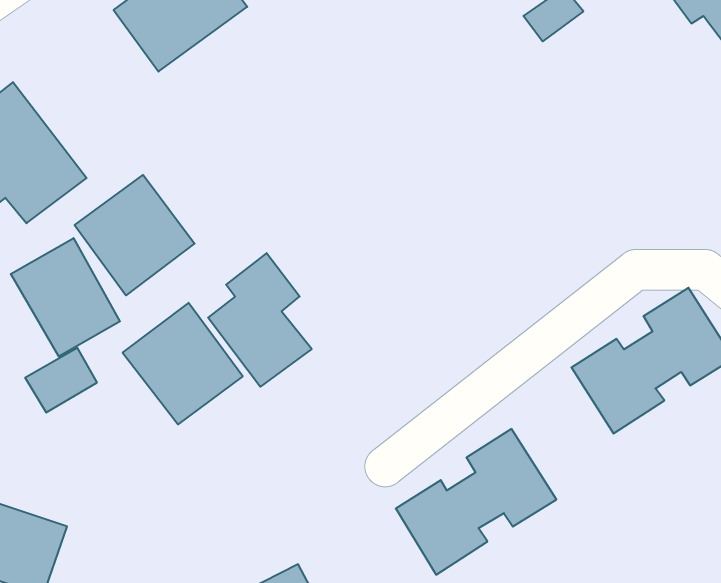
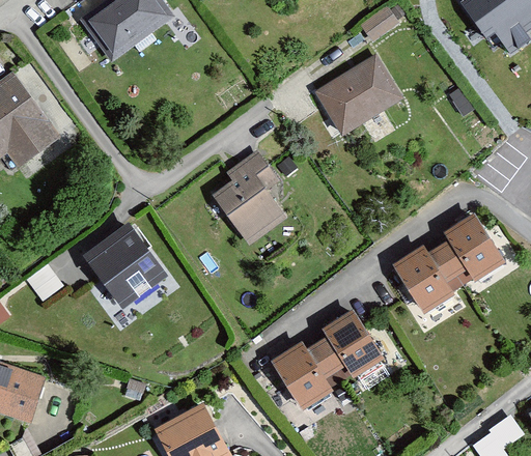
building: none -> [312,53,402,137]
building: [75,175,195,295] -> none
building: [11,238,120,357] -> none
building: [208,253,312,387] -> [215,150,286,243]

